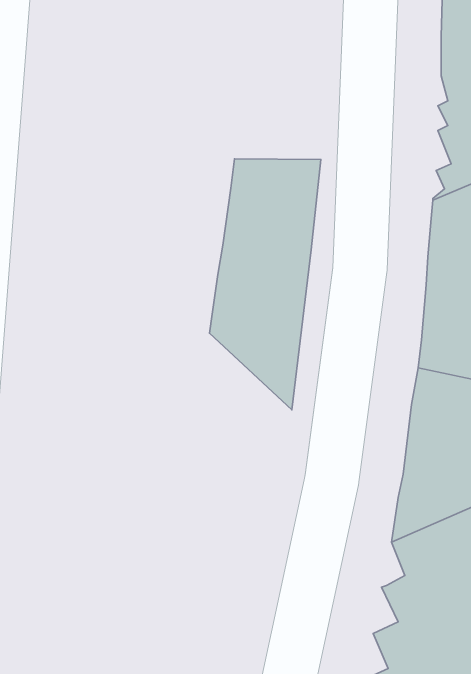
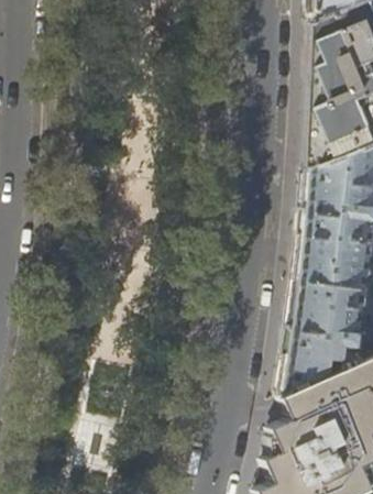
building: [209,159,321,410] -> none

